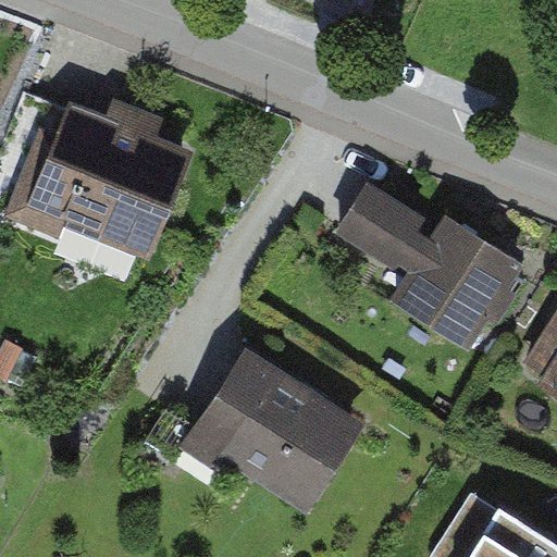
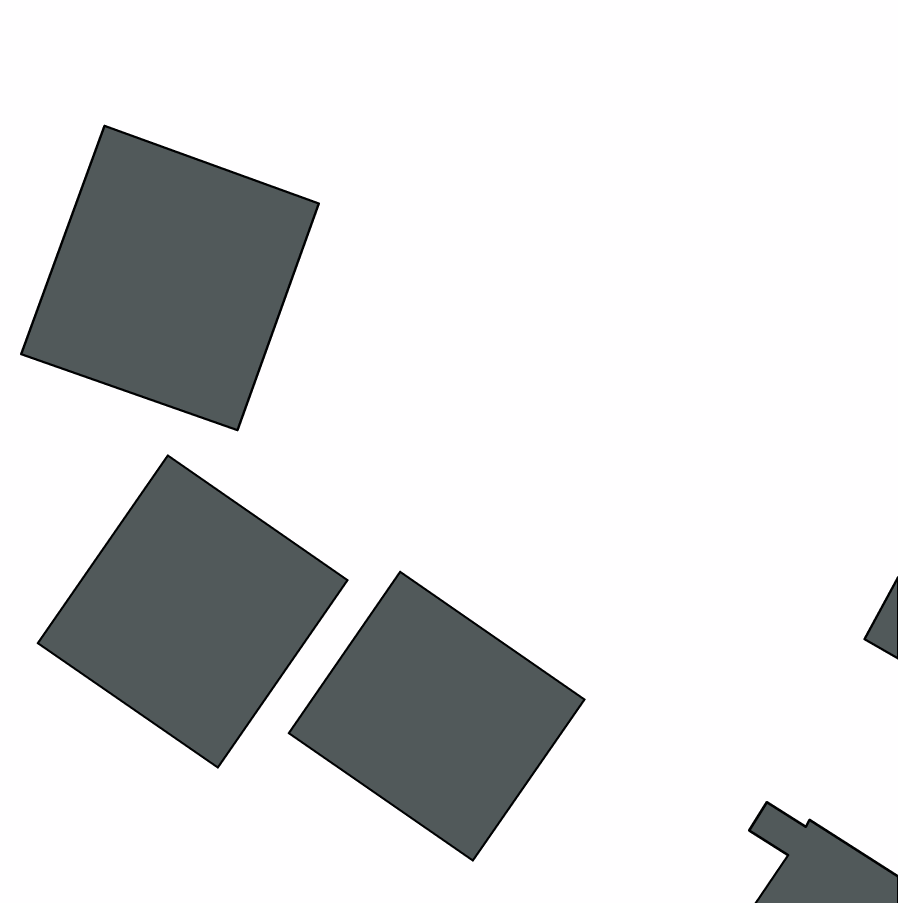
building: [333,178,519,325] -> none
building: none -> [38,456,348,768]

